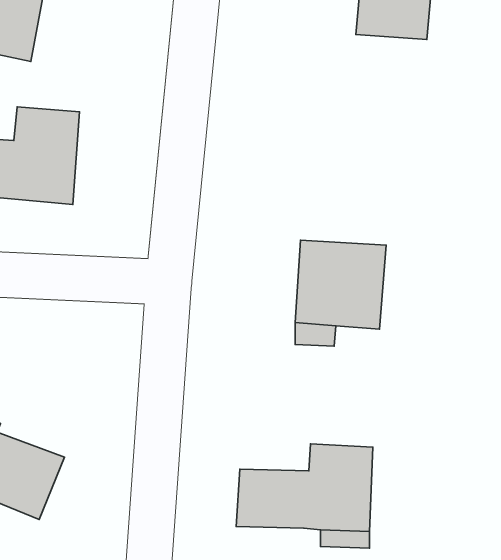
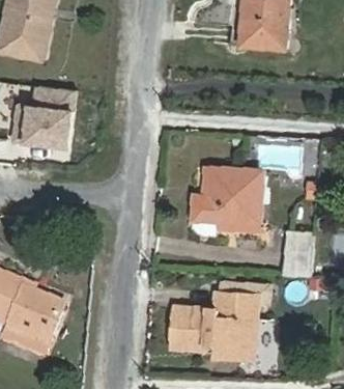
building: none -> [279,238,312,276]

